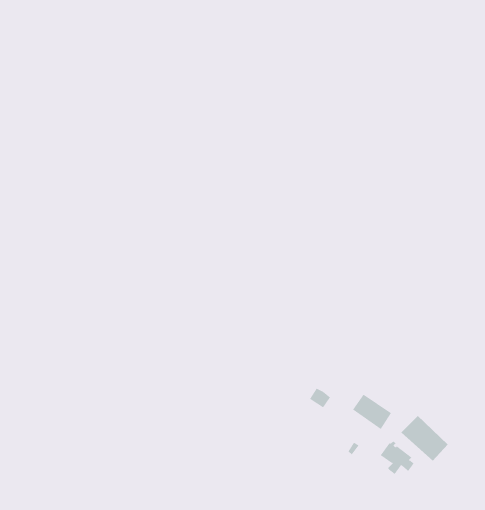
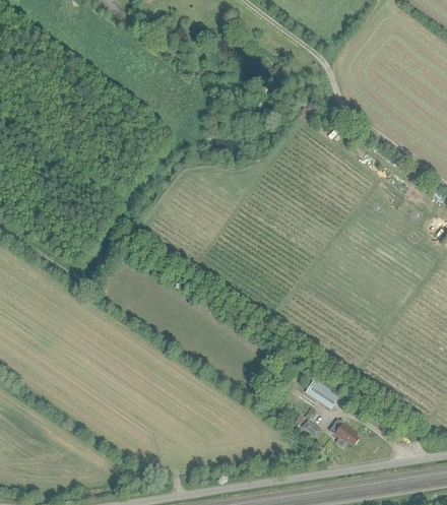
building: [401,415,449,462] -> none

